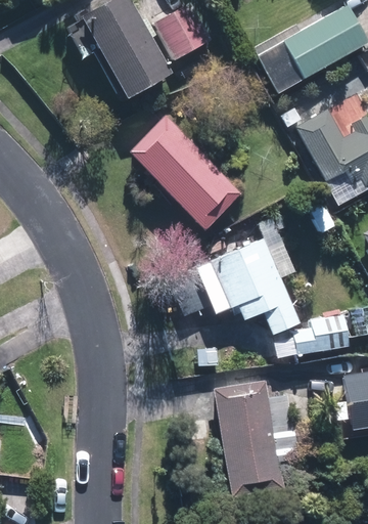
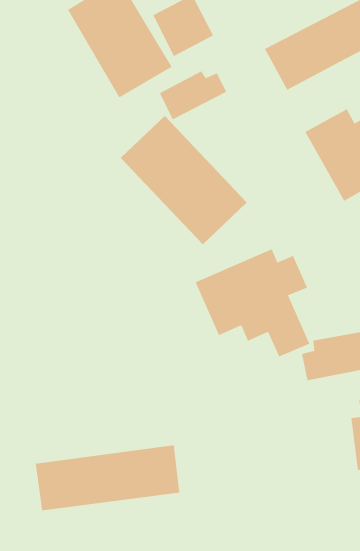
building: none -> [159,71,227,120]
building: [214,379,300,496] -> none
building: none -> [35,445,180,511]

